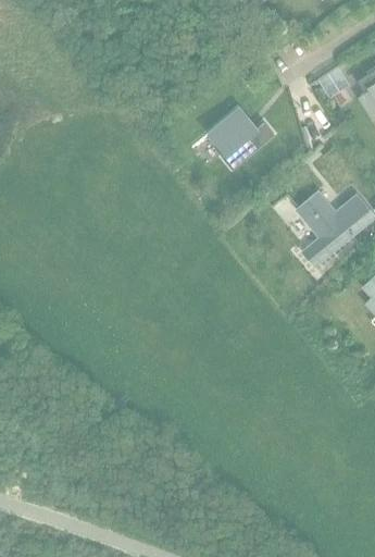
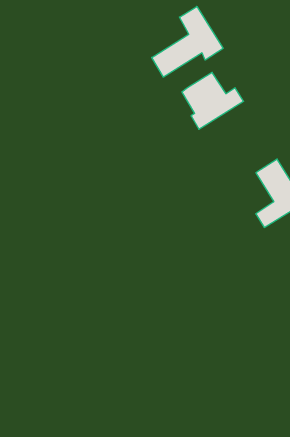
building: none -> [152,6,223,77]

